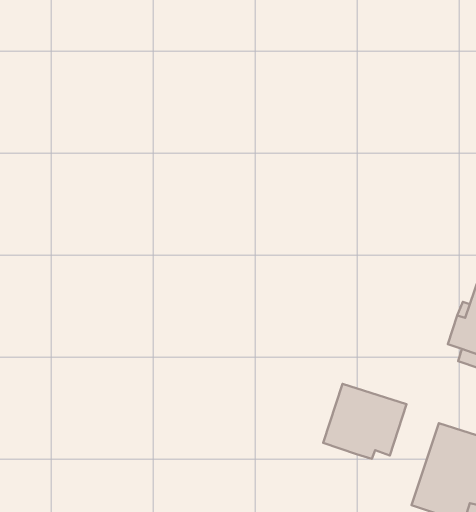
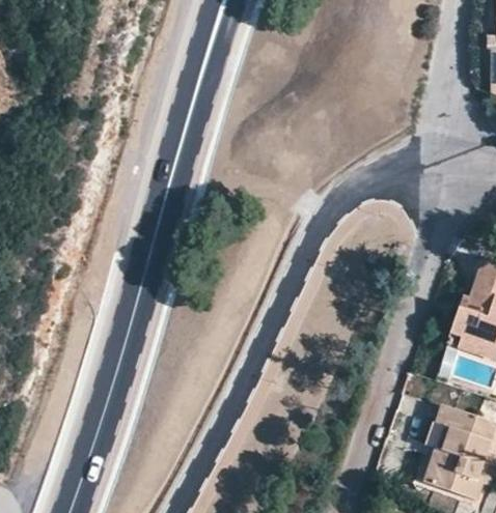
building: [323,384,406,459] -> none

